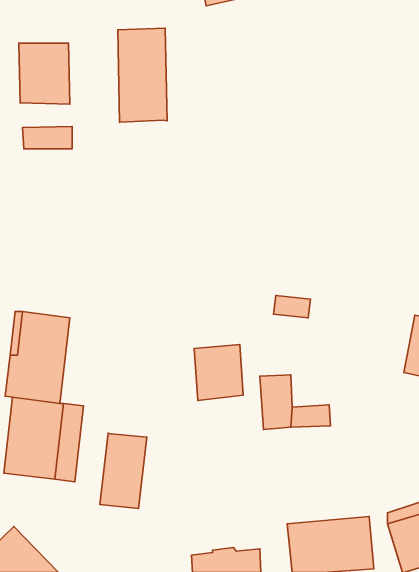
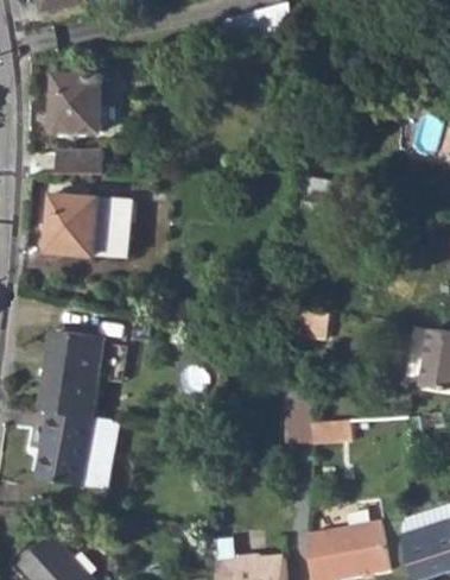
building: [118,28,167,122] -> none
building: none -> [49,194,129,254]
building: [194,344,243,400] -> none
building: [100,433,147,508] -> none

